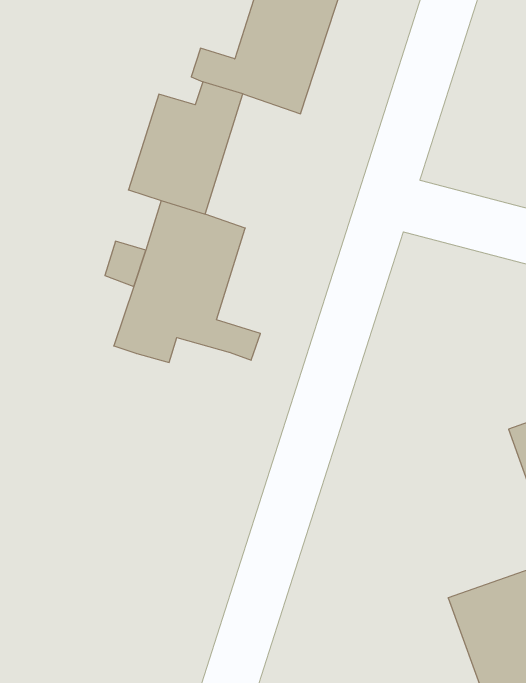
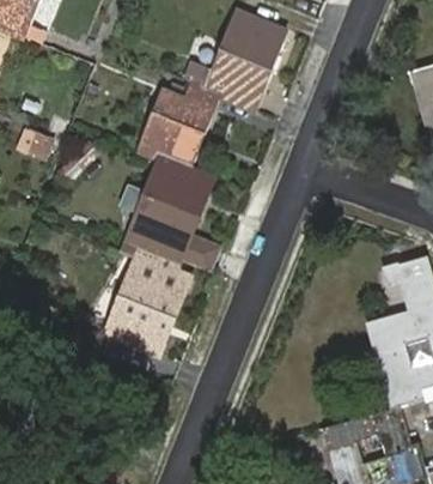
building: none -> [105,246,196,353]

